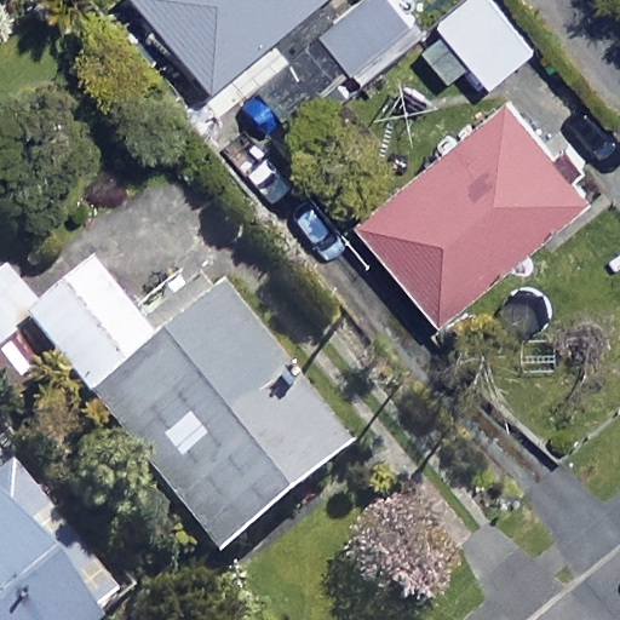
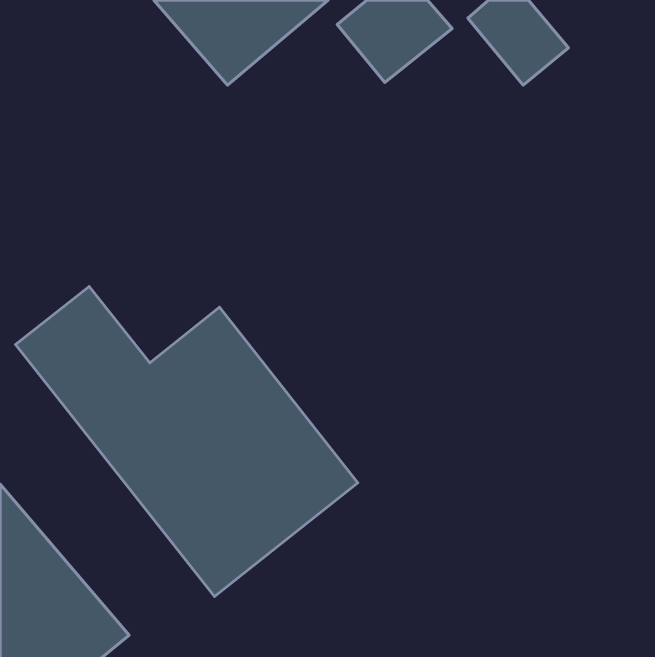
building: [357,91,591,317] -> none

